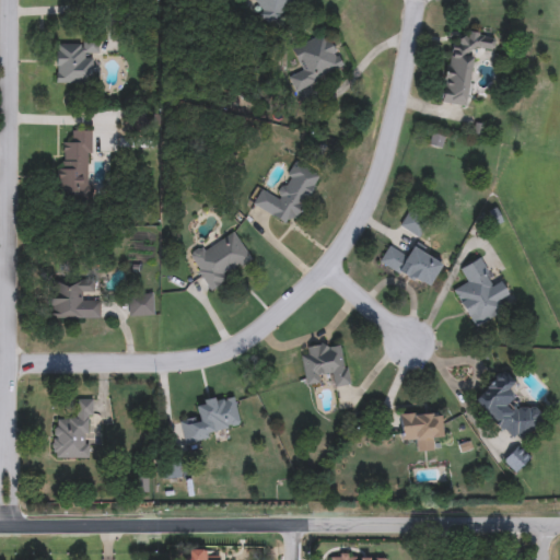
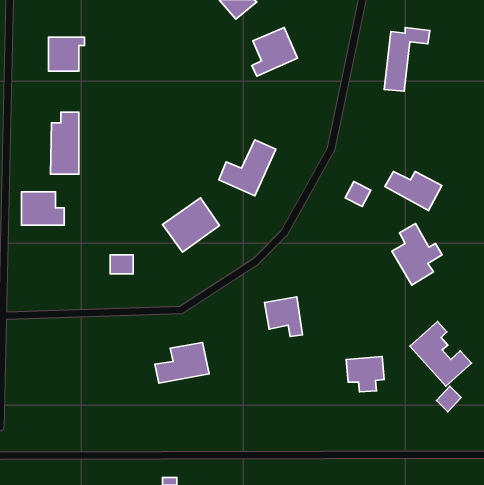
building: [381,244,446,289] -> [385,171,442,210]
building: [51,279,101,317] -> [21,192,64,225]
building: [55,398,93,457] -> none

